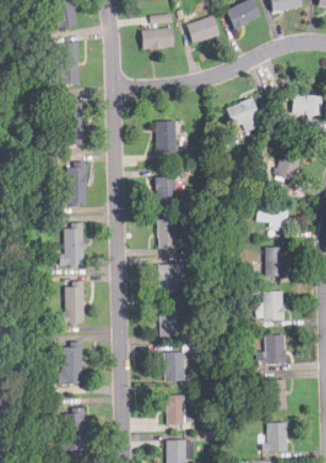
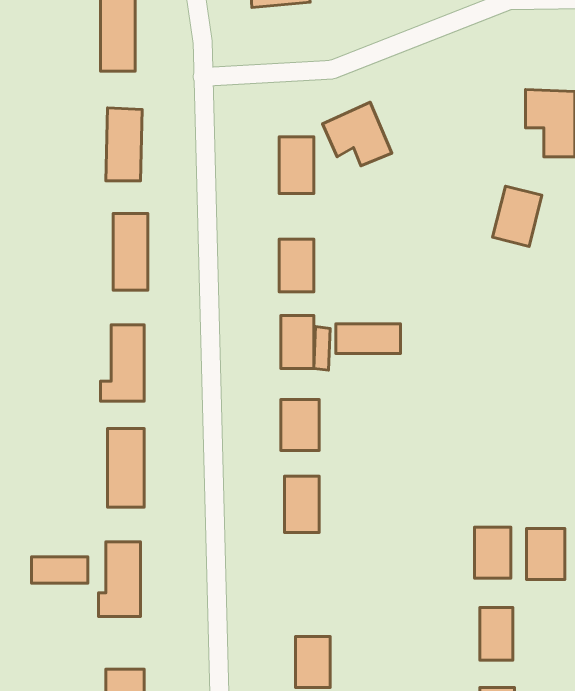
building: [225,98,263,133] -> [323,102,392,166]
building: [256,203,287,230] -> none
building: none -> [336,324,401,353]
building: [265,247,284,276] -> none
building: [262,291,283,319] -> [526,528,565,579]
building: none -> [31,557,88,583]
building: [165,353,184,381] -> none

